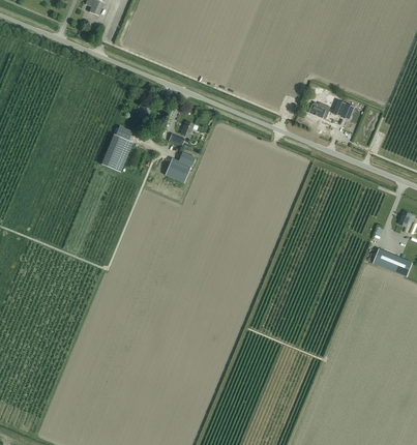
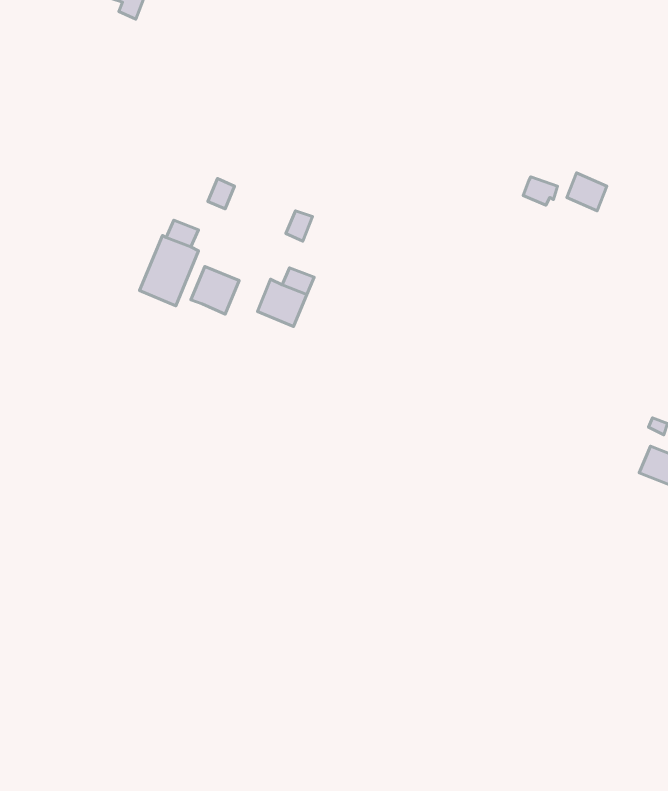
building: none -> [191,266,239,314]

